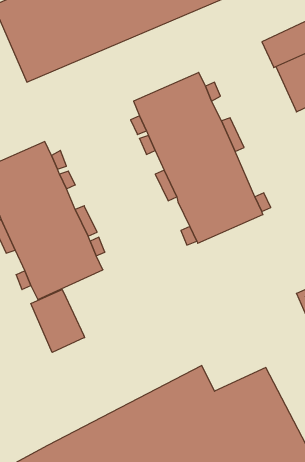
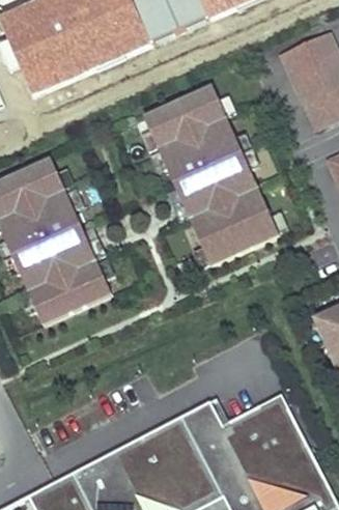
building: [31,290,85,352] -> none

